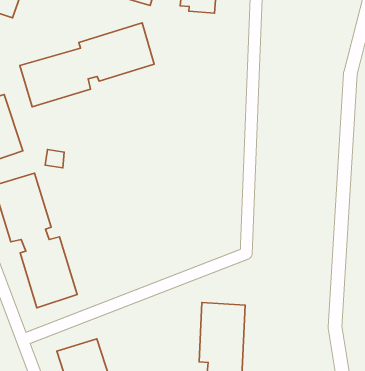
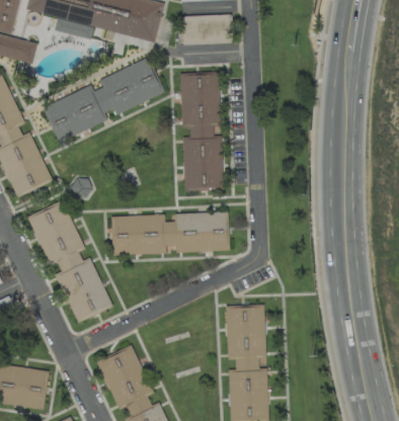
building: none -> [179,73,224,189]
building: none -> [111,213,229,255]

